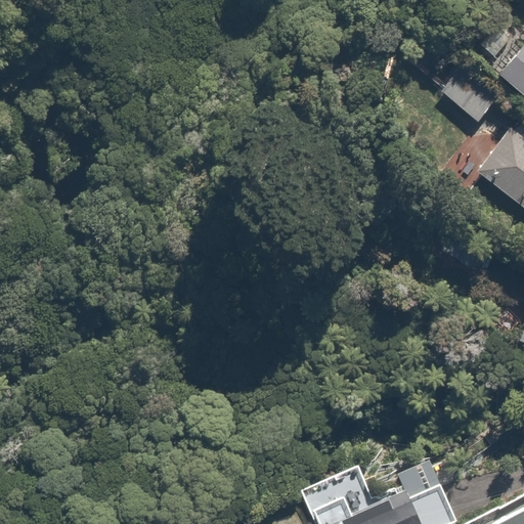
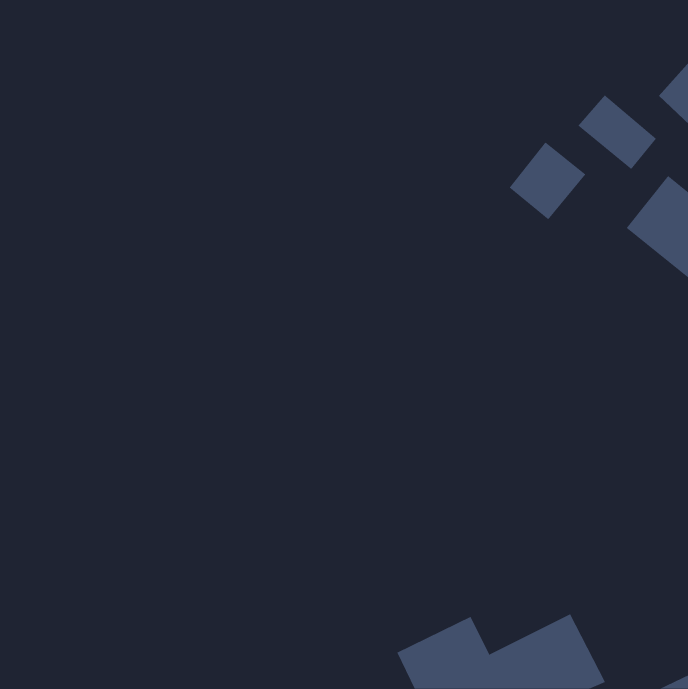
building: none -> [509,142,586,220]

